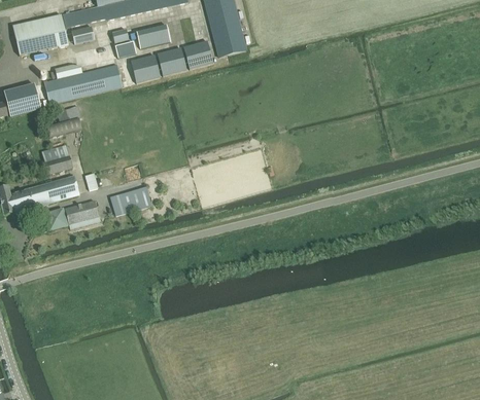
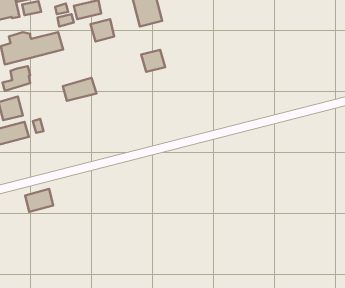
building: [183,40,213,68] -> [141,50,165,72]
building: [131,53,160,81] -> none
building: [110,185,152,214] -> [63,78,96,101]
building: [65,199,100,228] -> [25,189,53,212]

